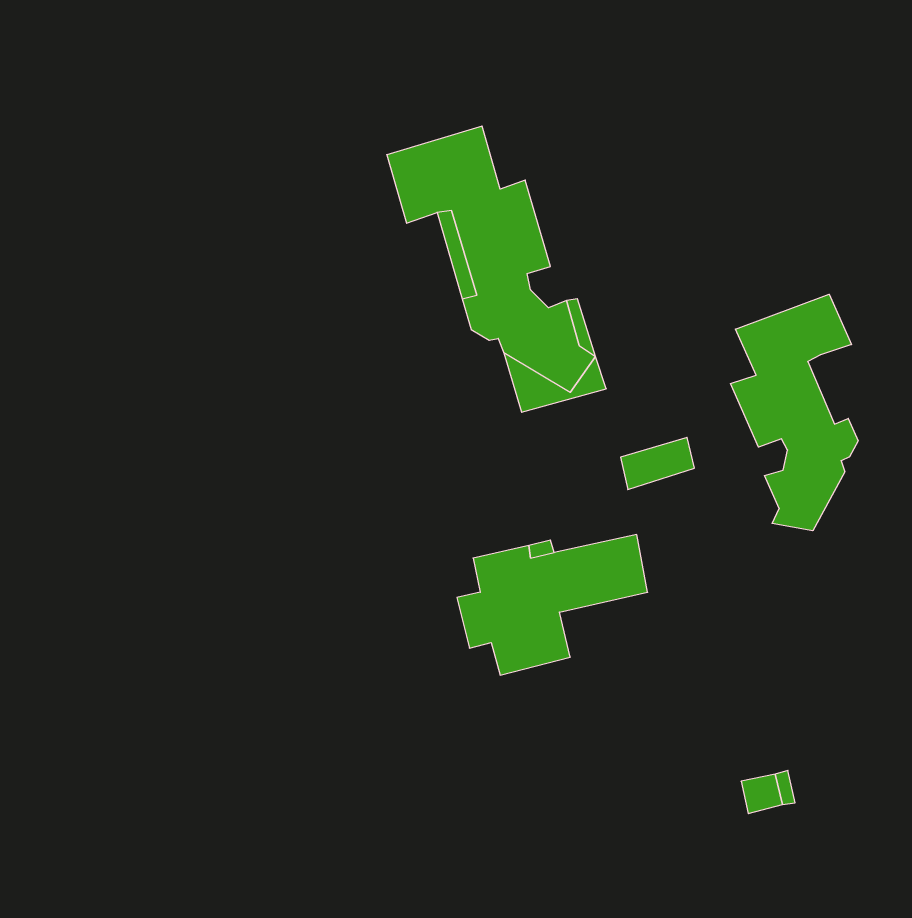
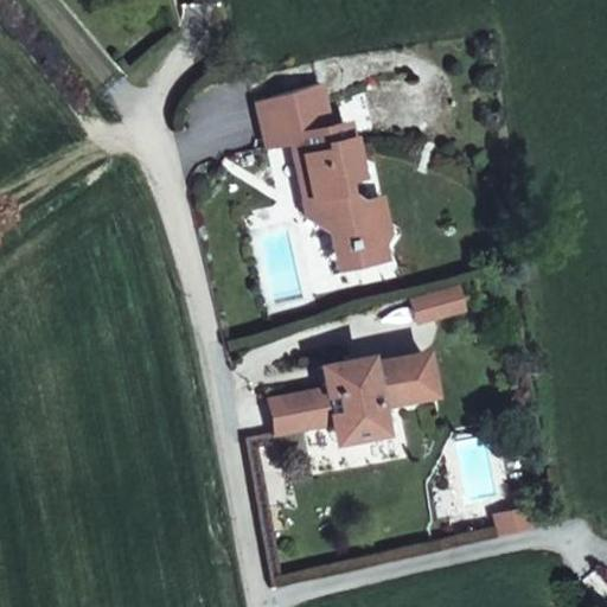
building: [731,294,858,531] -> none
building: none -> [263,395,314,437]

